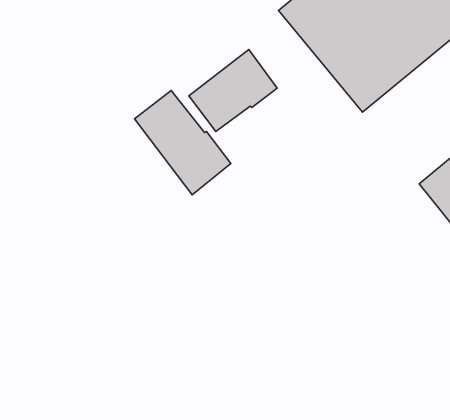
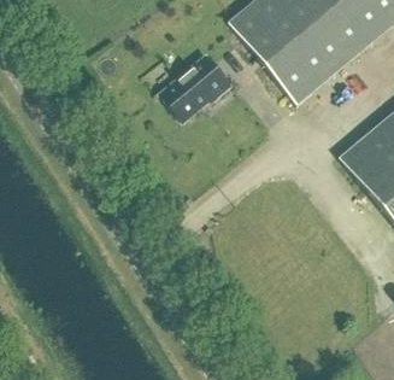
building: [135,90,231,195] -> none

